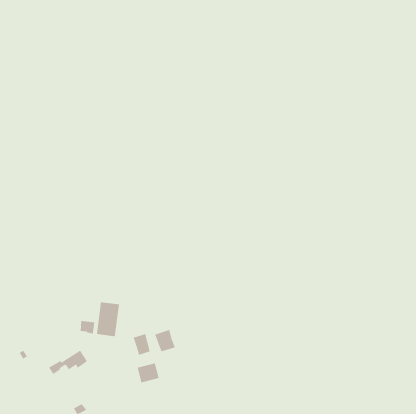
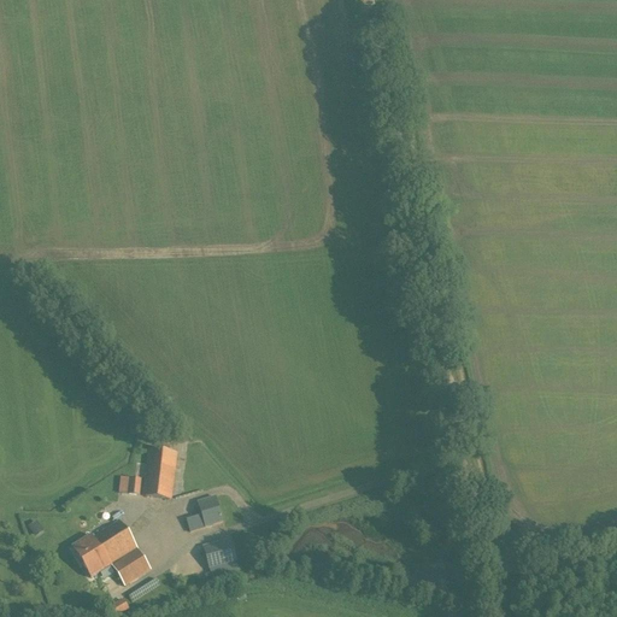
building: [155,329,175,352] -> none
building: none -> [78,535,151,586]

